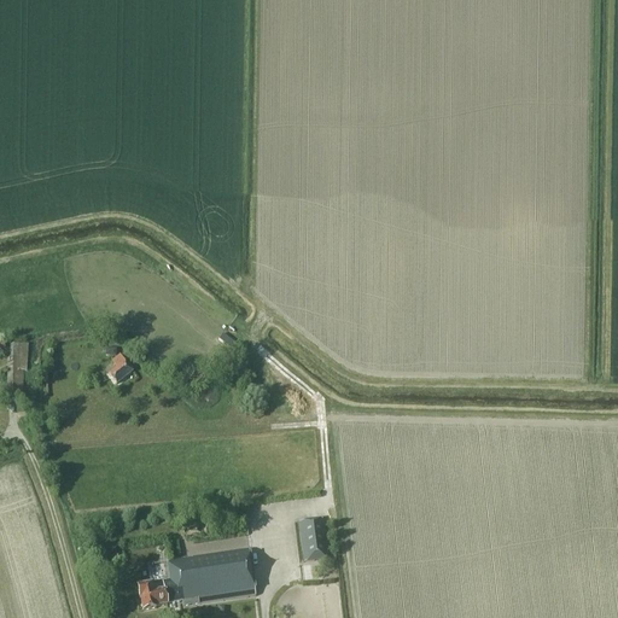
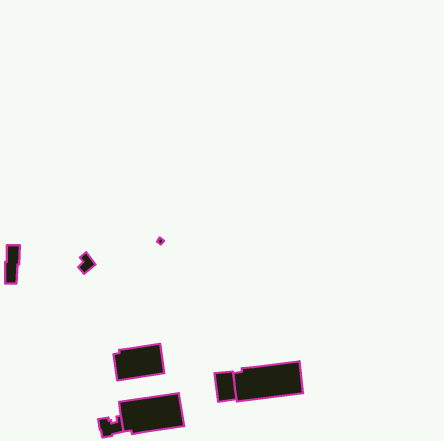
building: none -> [113,344,164,381]
building: none -> [233,361,303,402]

